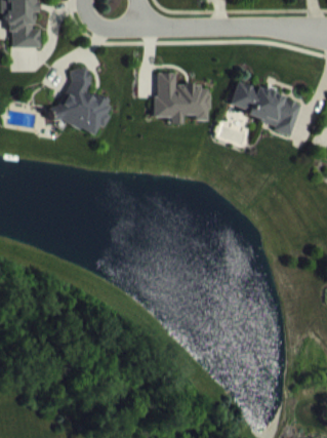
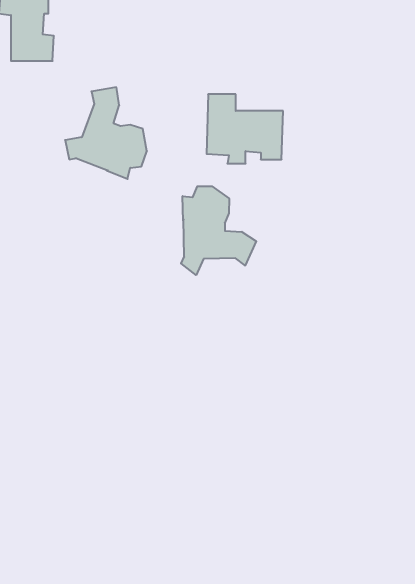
building: [229,81,301,135] -> none
building: none -> [181,186,256,275]

